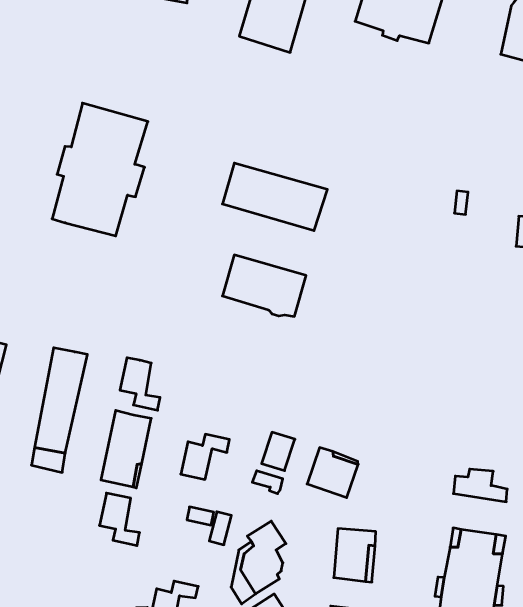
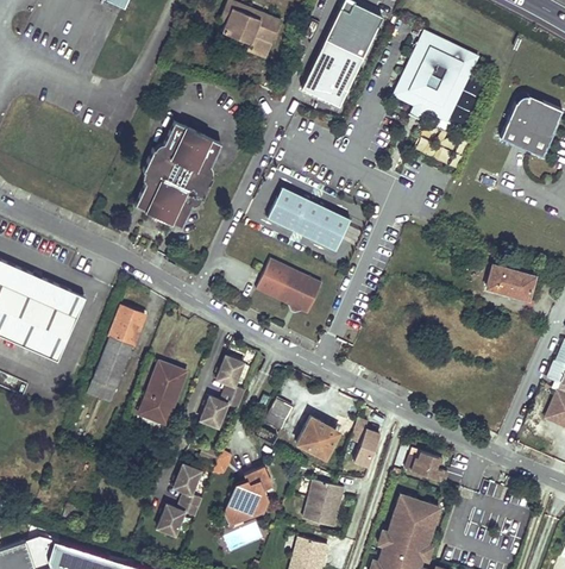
building: [120,358,160,410] -> [216,354,246,398]
building: none -> [351,417,381,465]
building: [99,493,140,546] -> [174,462,203,506]

